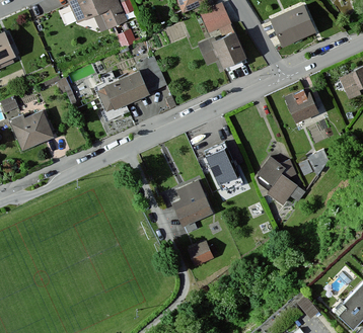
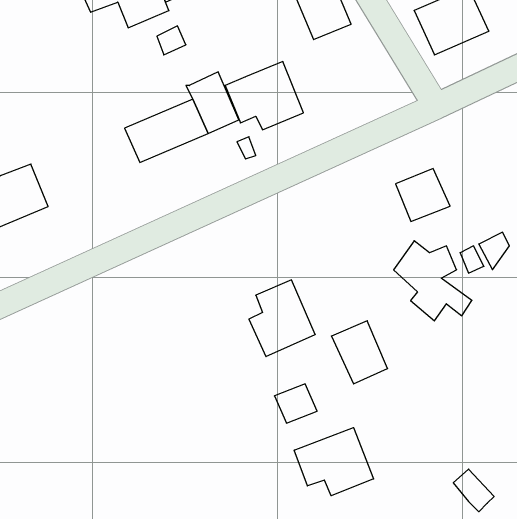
building: [199,28,245,69] -> [225,62,303,130]
building: [286,90,318,121] -> [396,169,450,221]
building: [206,148,239,185] -> [331,321,388,384]
building: none -> [294,428,374,496]

